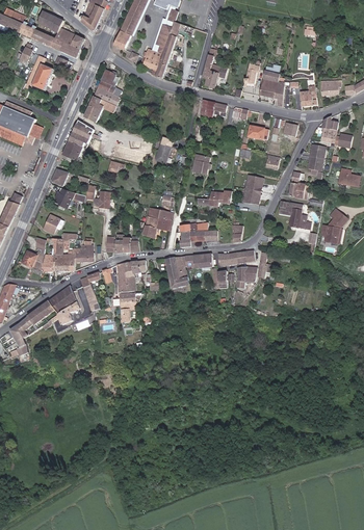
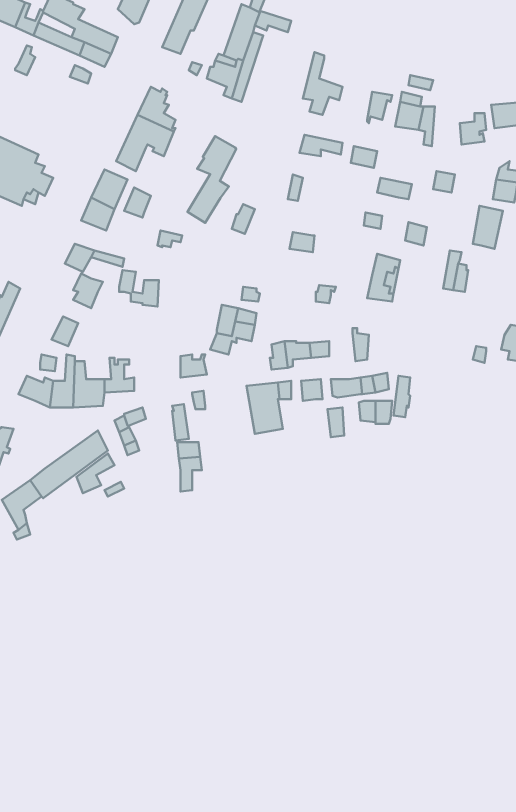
building: [26,56,53,89] -> none
building: none -> [187,136,236,223]
building: [277,202,309,230] -> none

